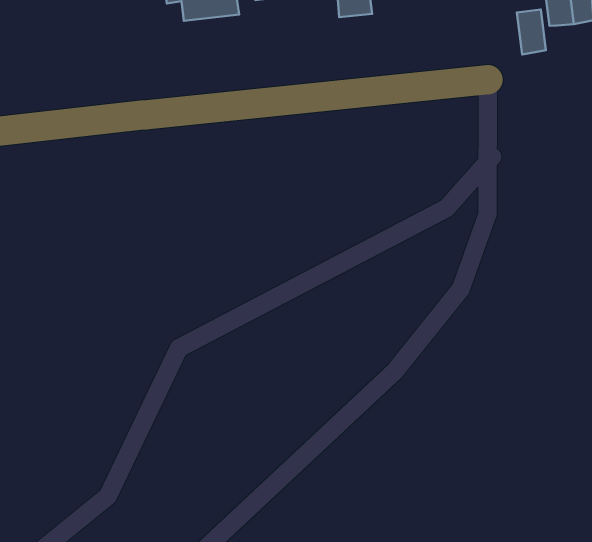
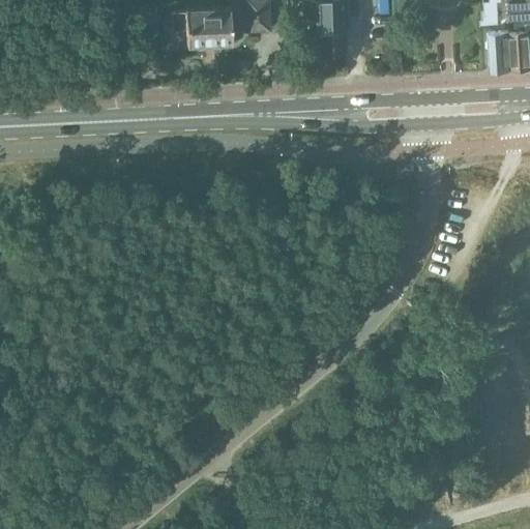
building: [517,9,546,54] -> none

